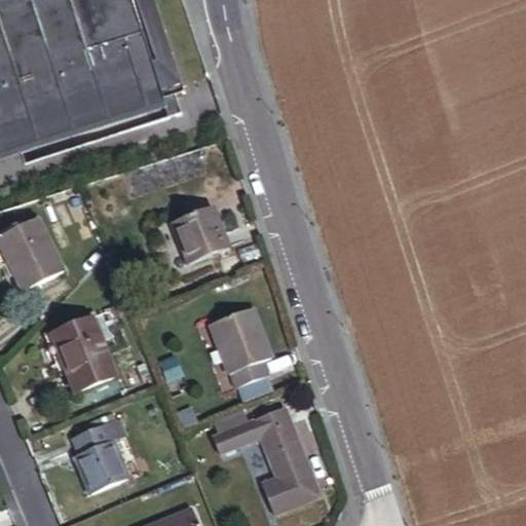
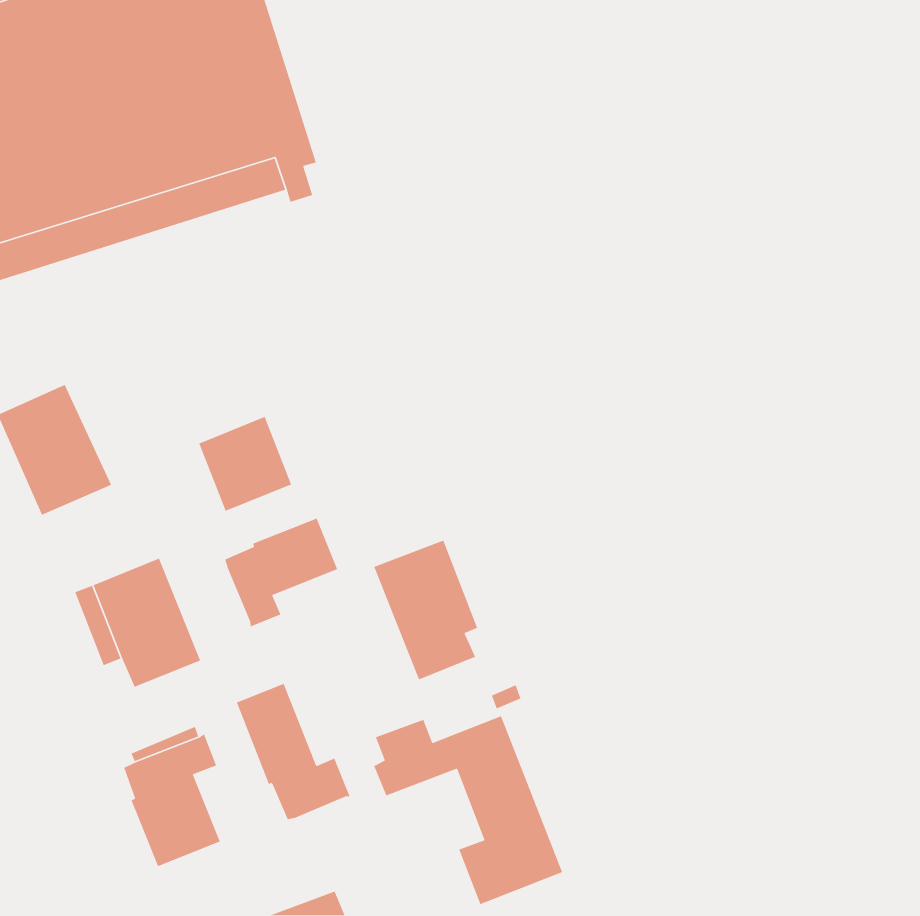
building: [174,208,227,262] -> [198,416,292,512]
building: none -> [224,517,338,628]
building: none -> [236,683,351,820]

